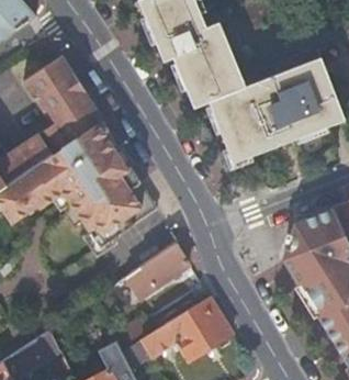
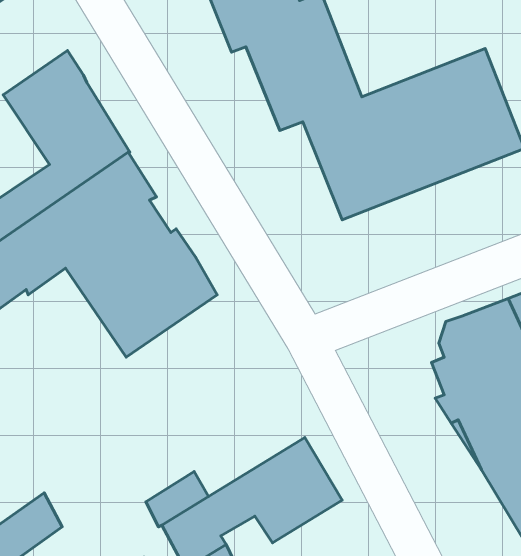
building: [127,243,189,295] -> none

